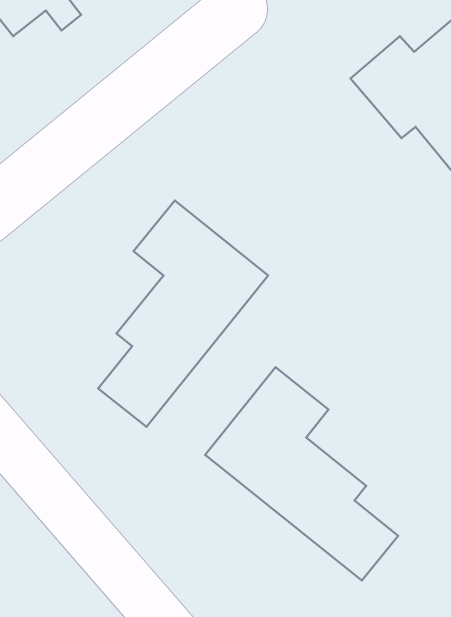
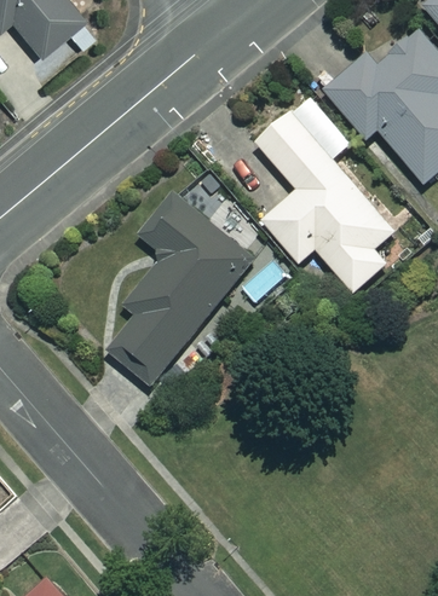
building: none -> [255,112,393,293]
building: [205,367,398,581] -> none

